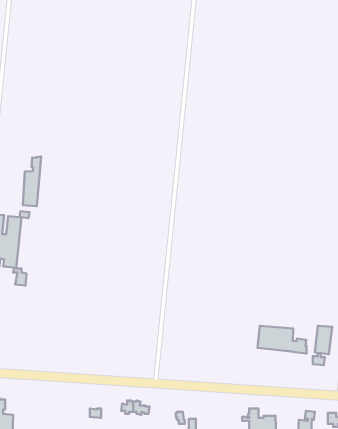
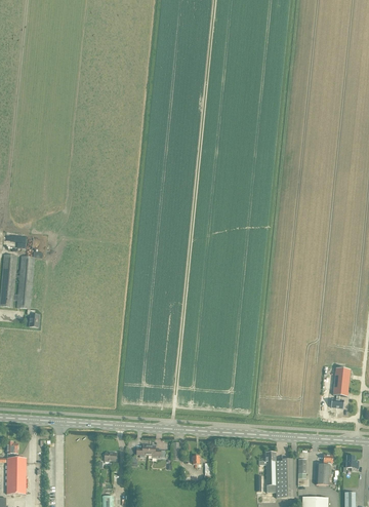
building: [23,156,41,206] -> none
building: [258,326,307,353] -> none

